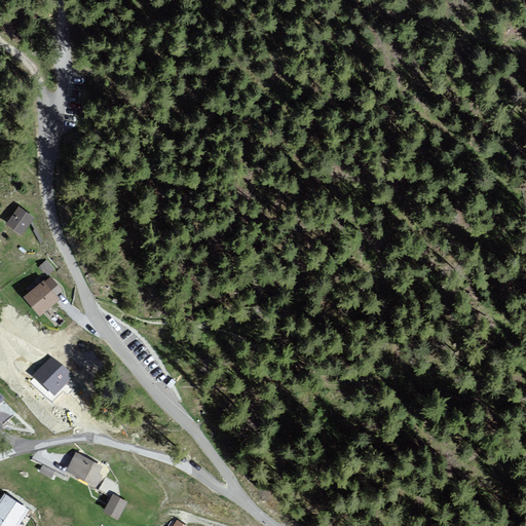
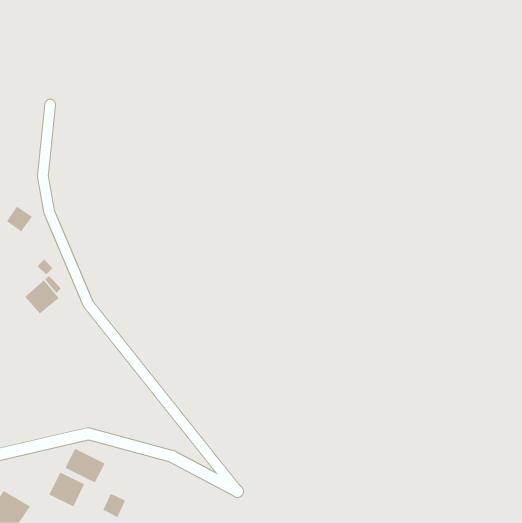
building: [32,364,70,401] -> none
building: none -> [48,472,85,507]

